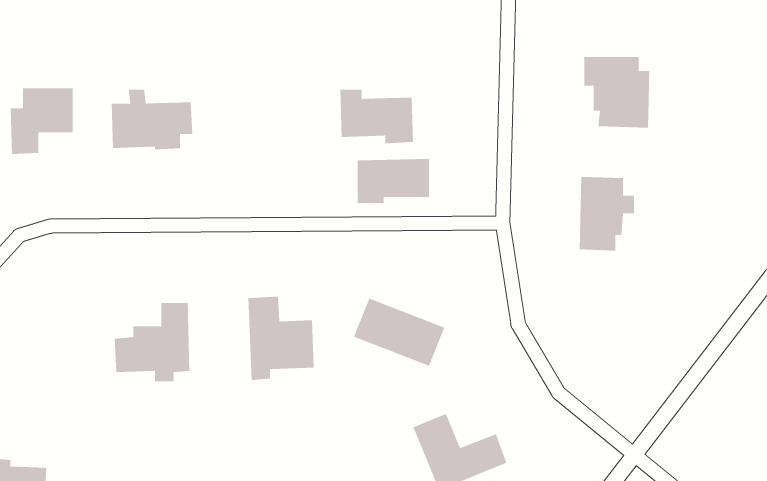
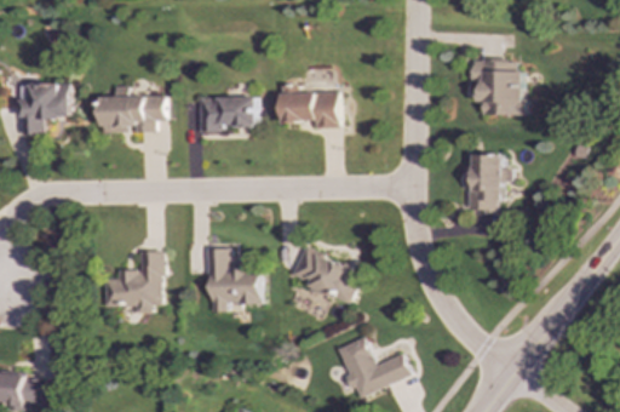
building: [357,158,430,204] -> [199,96,256,131]

